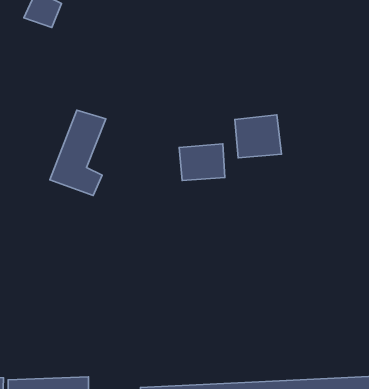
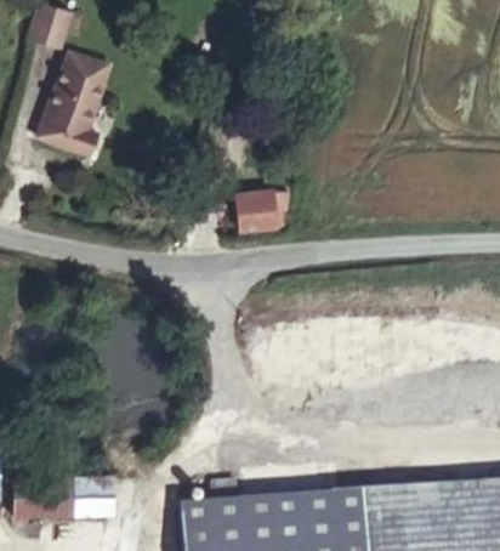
building: [50,110,106,195] -> [35,50,106,157]
building: [235,115,281,158] -> none

